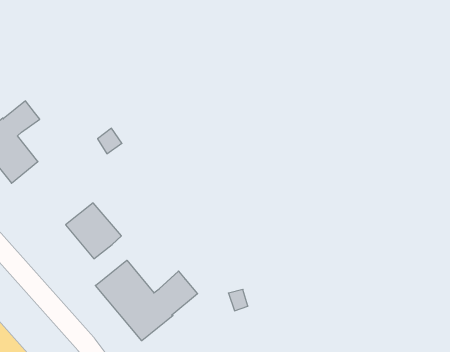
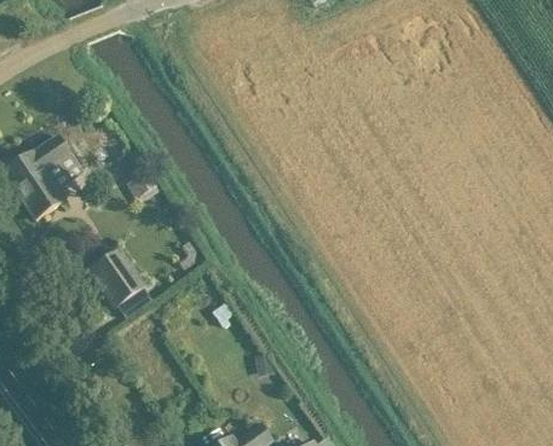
building: [95,260,198,341] -> none

